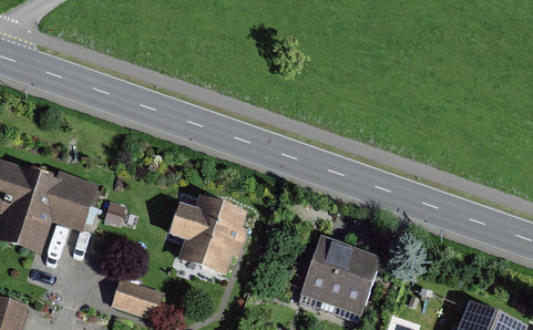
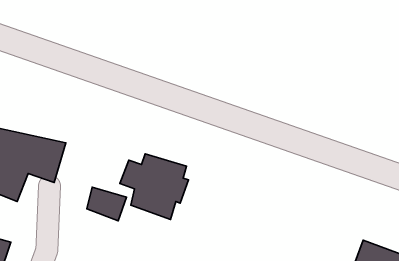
building: [299,237,381,317] -> none
building: [113,279,162,320] -> [87,187,126,221]

